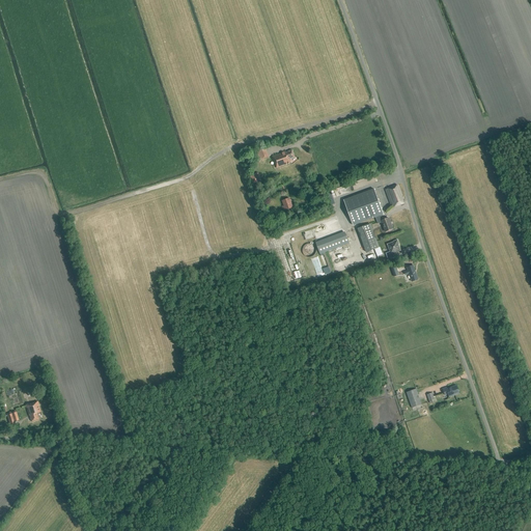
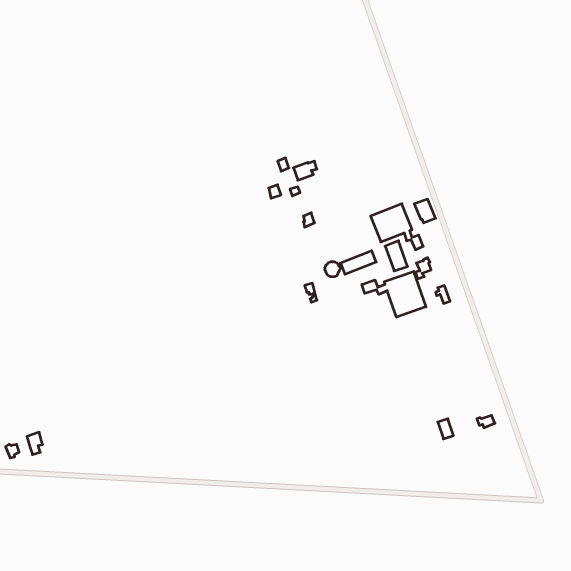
building: none -> [362,271,426,317]

